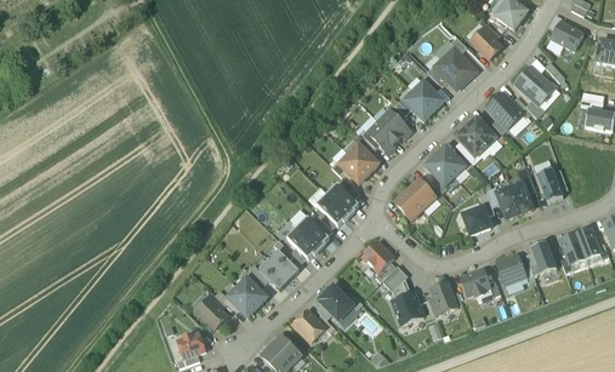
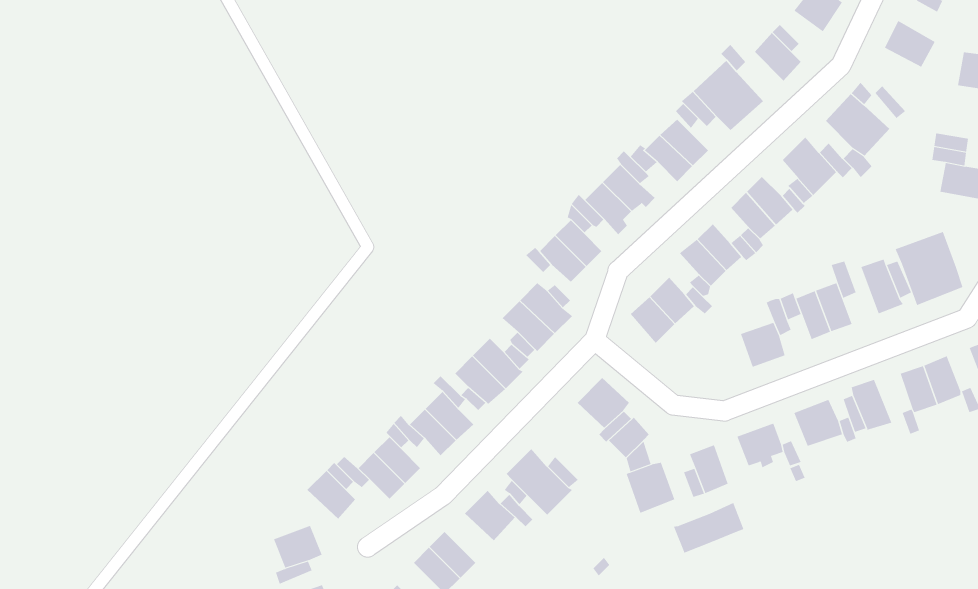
building: none -> [895,231,963,306]
building: none -> [673,502,744,553]

